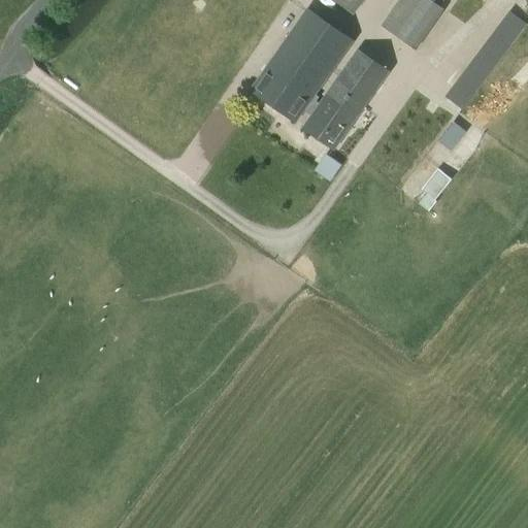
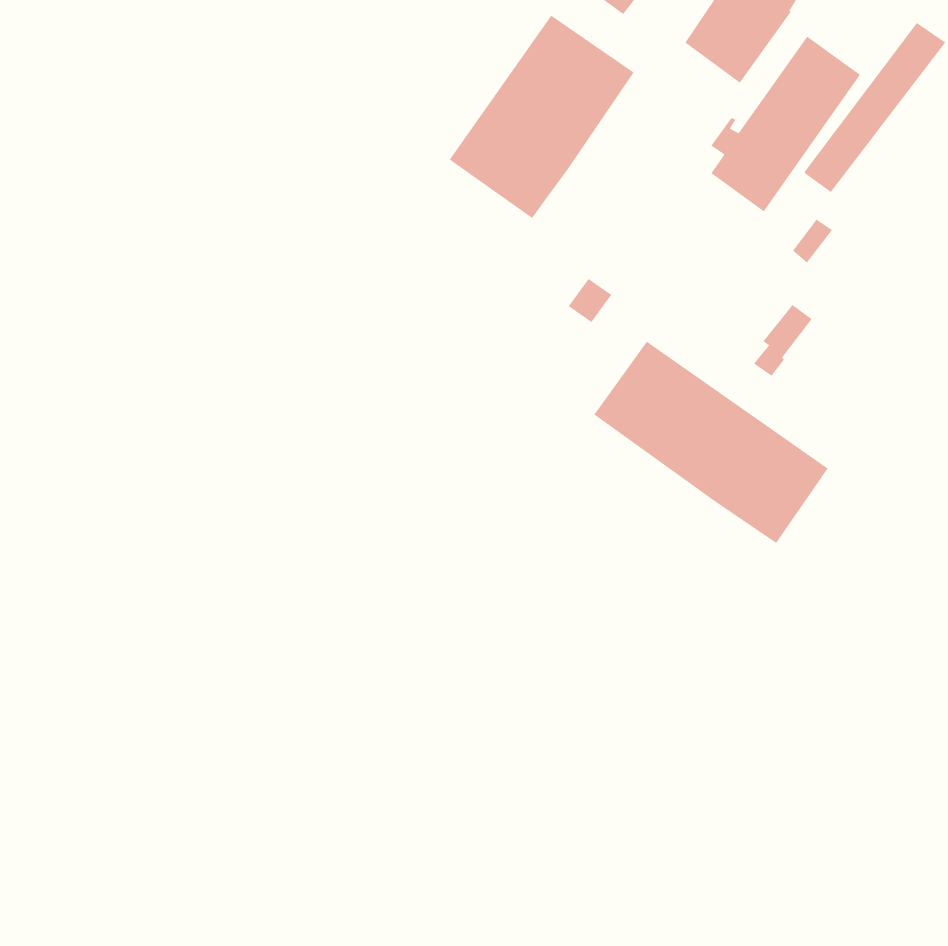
building: [304,50,388,147] -> [710,36,861,212]
building: none -> [593,341,829,544]

